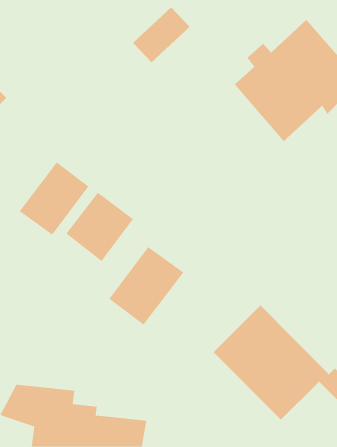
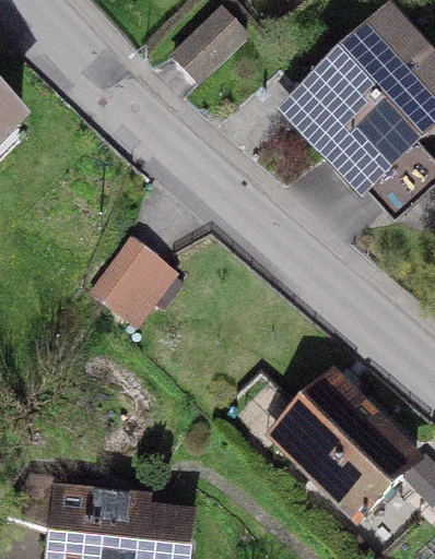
building: [19,162,89,236] -> none
building: [109,246,184,326] -> none

